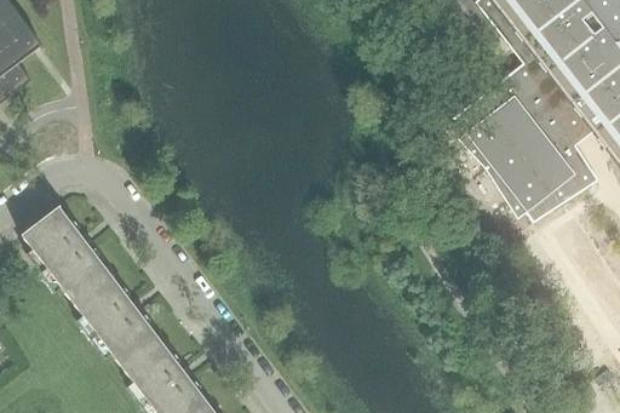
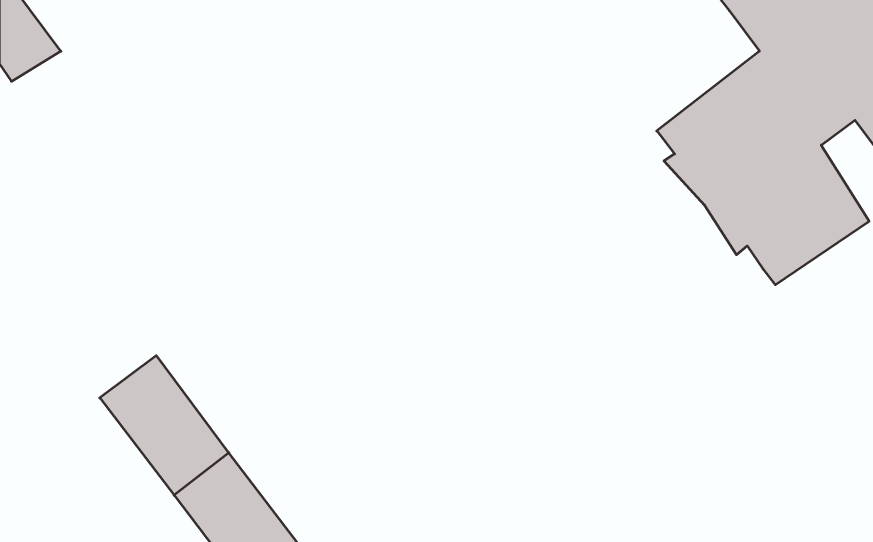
building: [22,203,110,299] -> none

